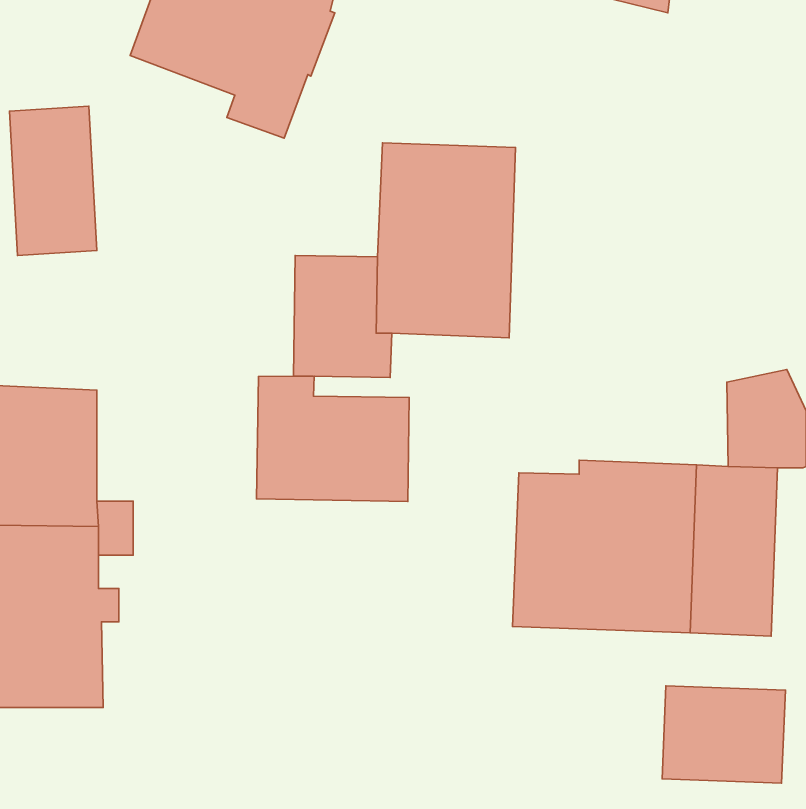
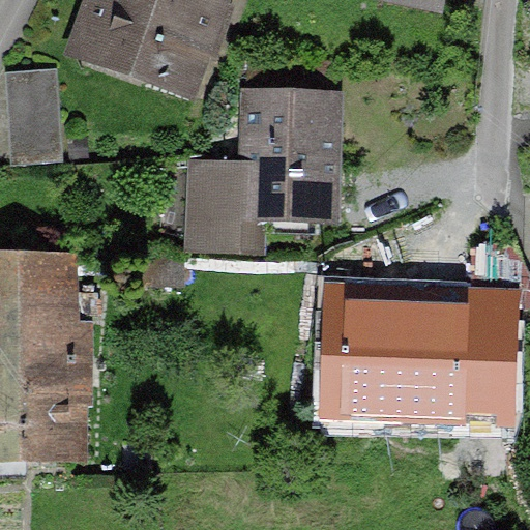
building: [256,376,409,502] -> none
building: [662,686,785,783] -> none

